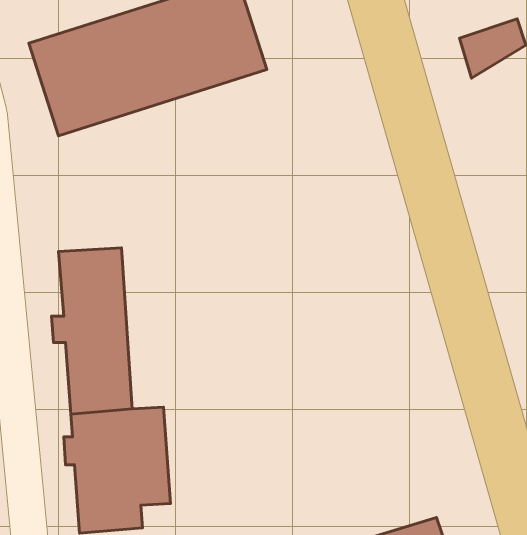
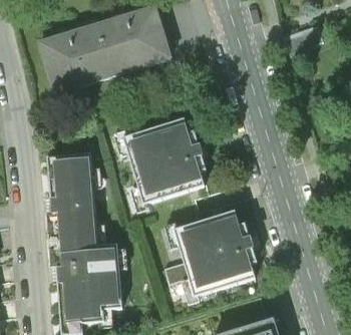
building: none -> [124,119,207,205]
building: none -> [172,211,256,296]

